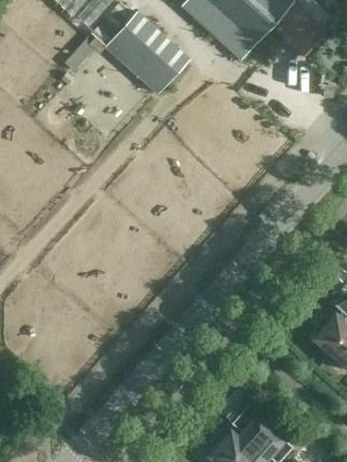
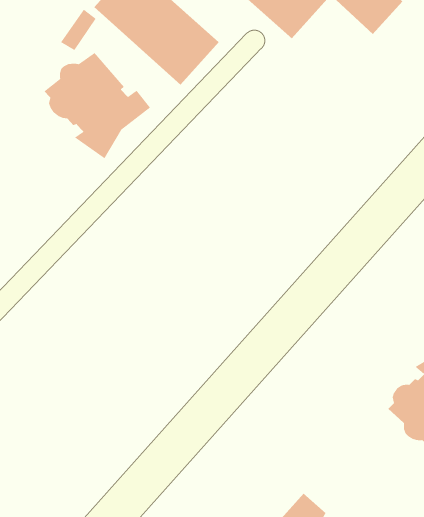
building: none -> [44,52,151,159]

